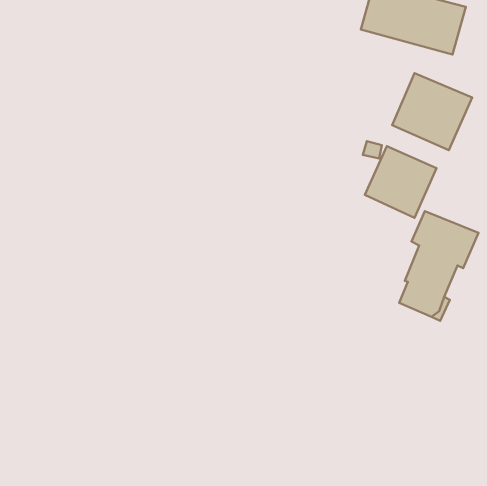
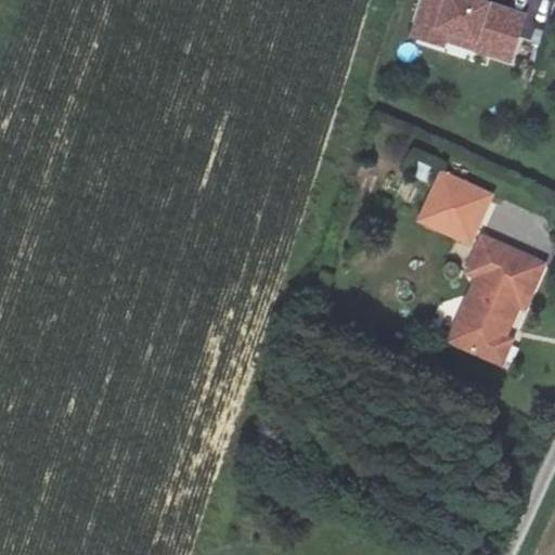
building: [392,73,472,150] -> none

